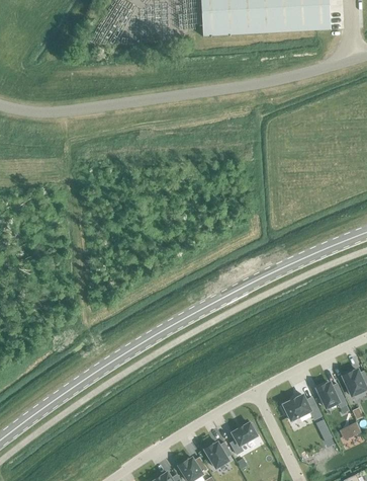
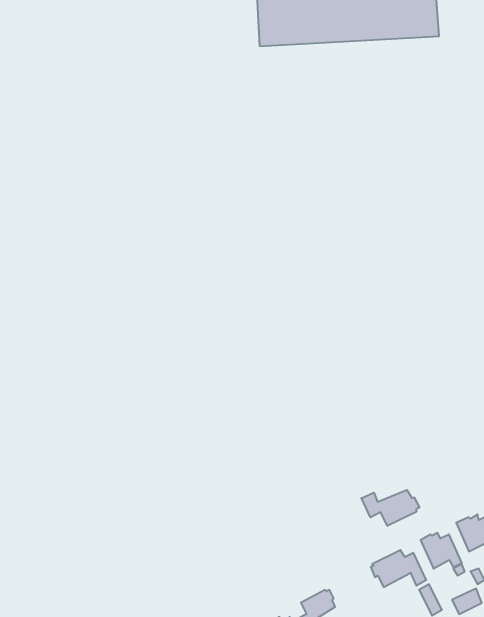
building: none -> [361,490,419,526]

